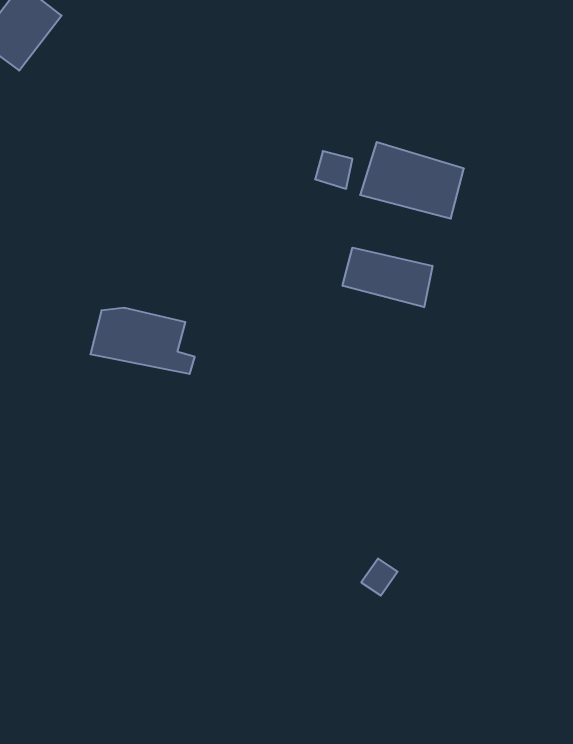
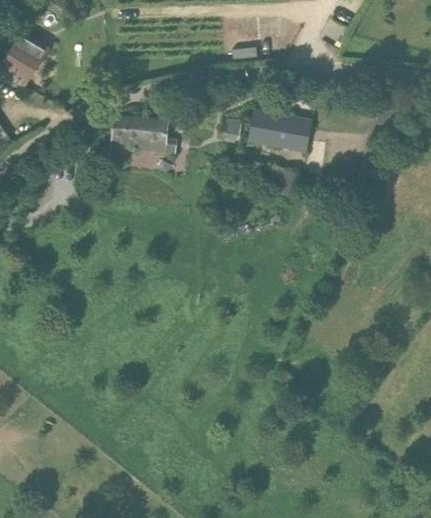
building: [343,248,432,307] -> none
building: [90,308,195,374] -> [109,116,175,154]

